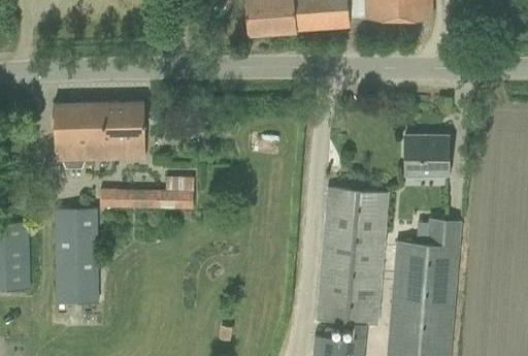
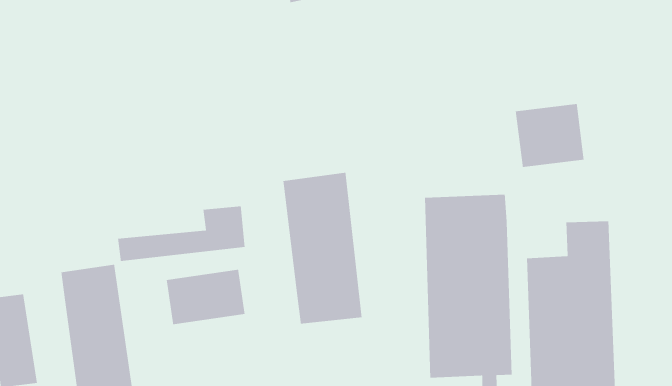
building: [54,102,144,161] -> none
building: none -> [282,172,363,324]
building: none -> [166,269,245,325]

